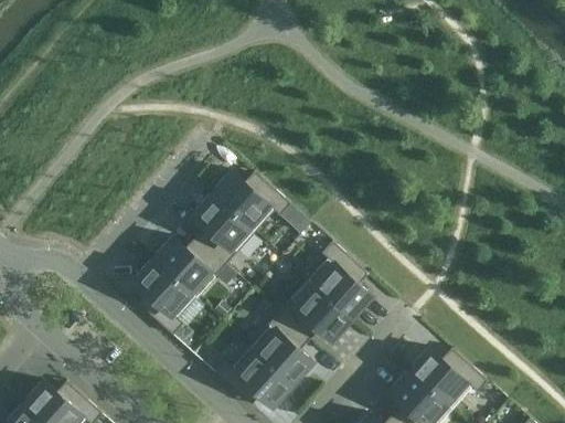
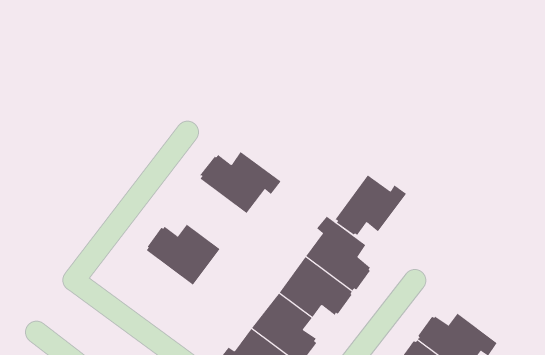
building: [191,195,253,266] -> none
building: none -> [335,174,407,236]
building: [132,261,194,337] -> none

